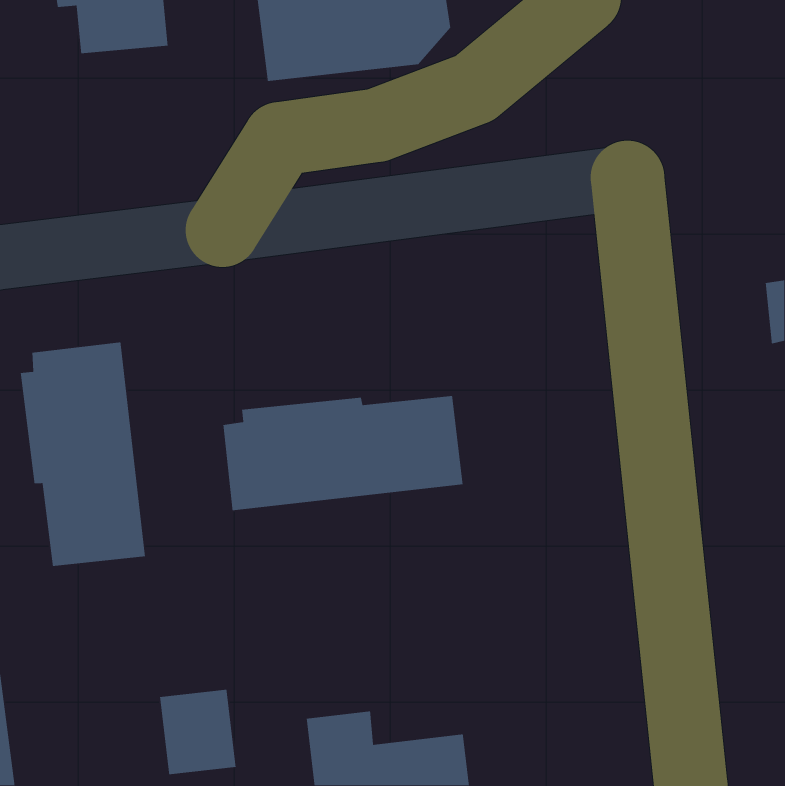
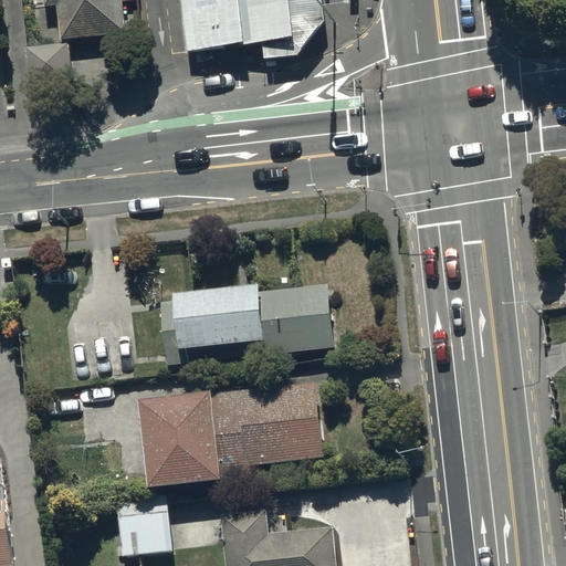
building: [20,342,146,567] -> none
building: none -> [138,381,321,491]

